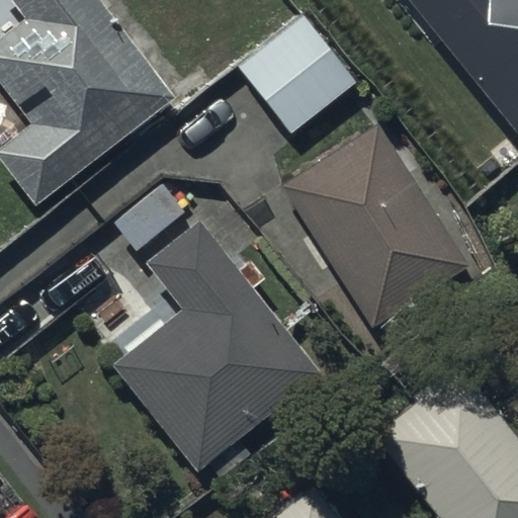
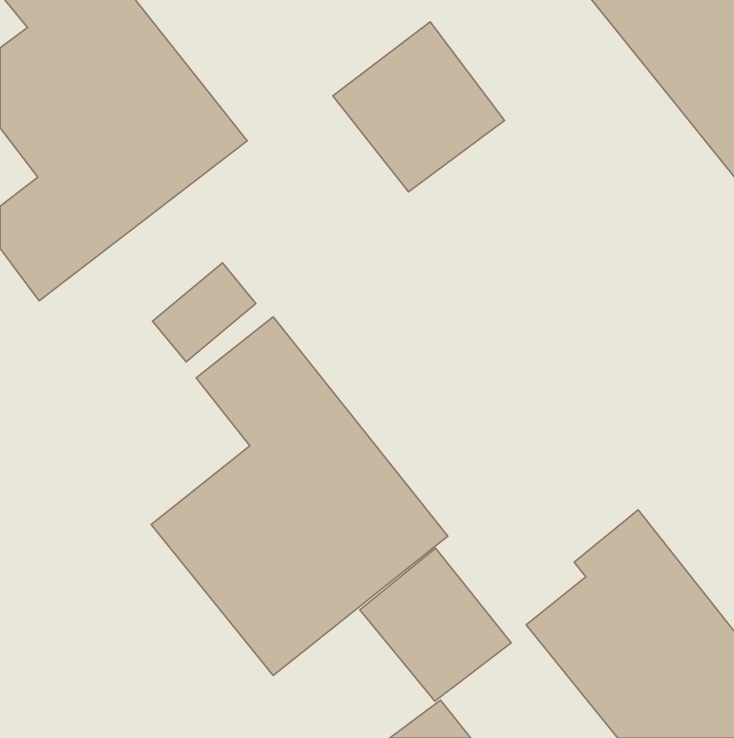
building: [279,121,469,327] -> none
building: none -> [360,548,511,701]

